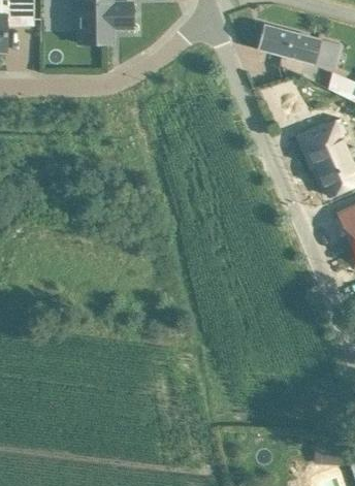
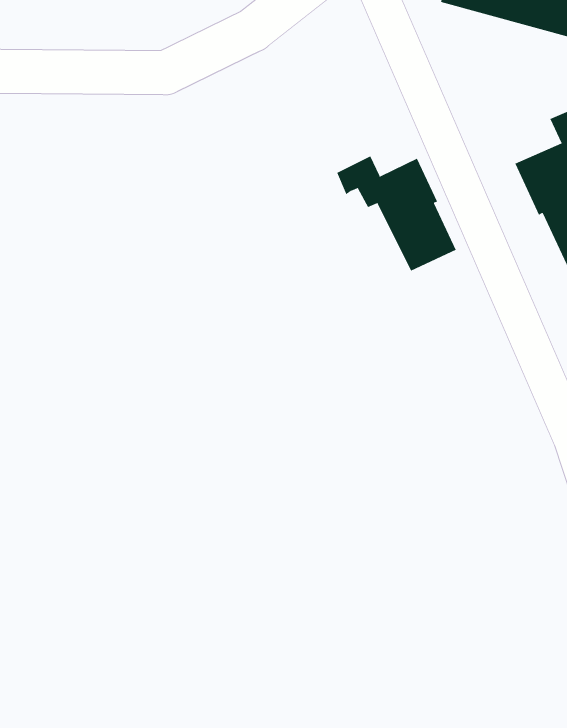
building: none -> [336,156,456,271]

